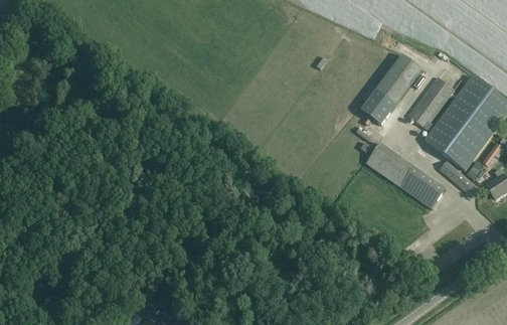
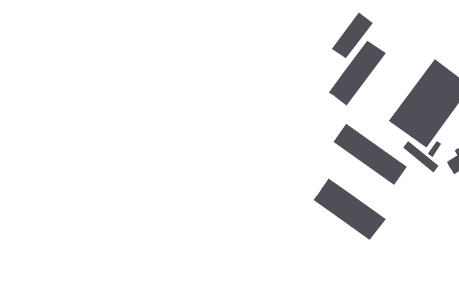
building: [407,76,453,127] -> [331,12,374,59]
building: none -> [313,178,387,241]

